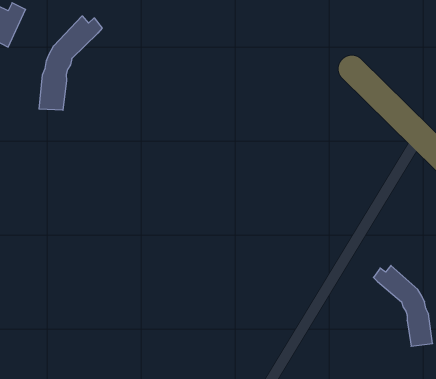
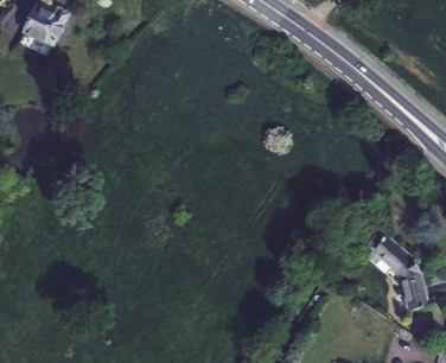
building: [39,16,102,110] -> none

